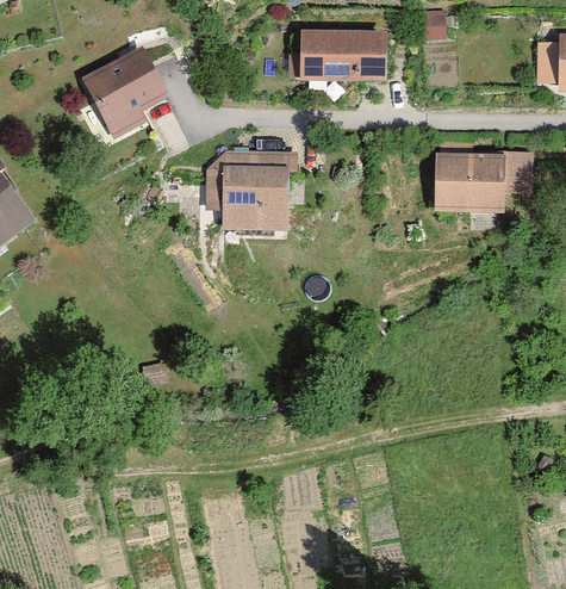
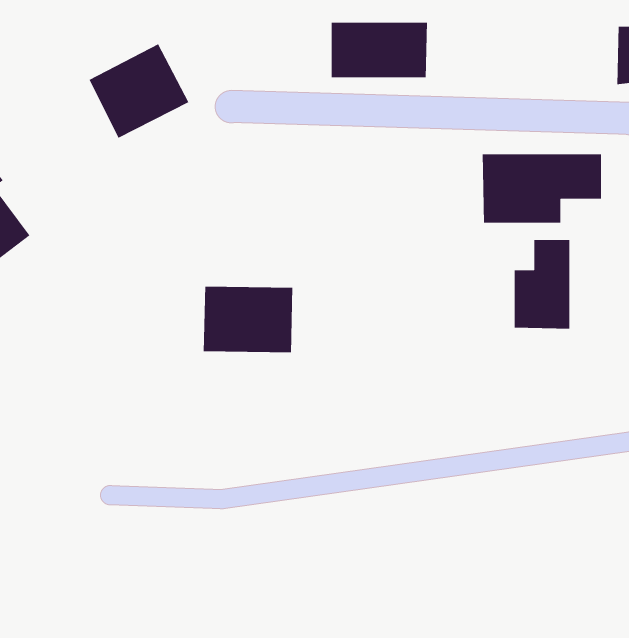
building: [210,166,290,225] -> [203,286,293,353]
building: none -> [514,239,570,329]

